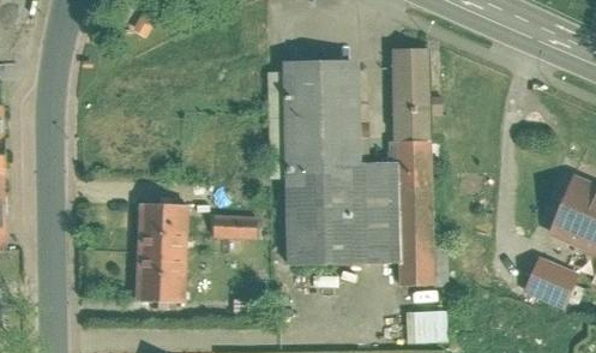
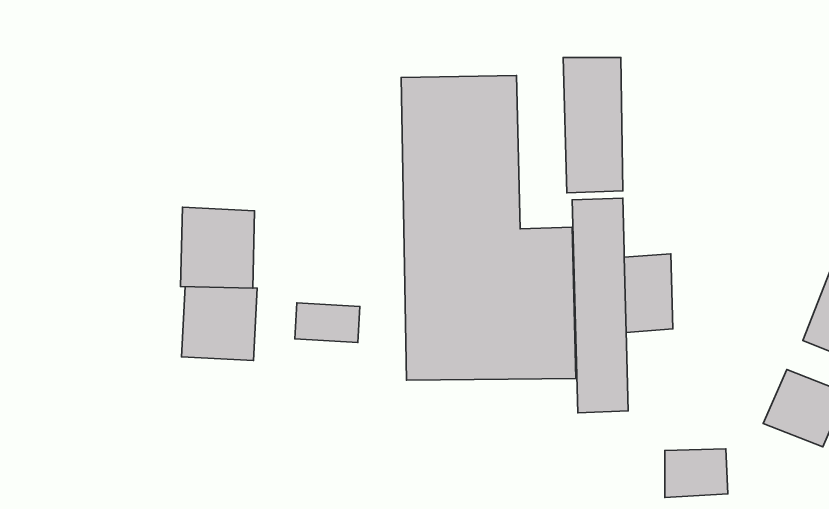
building: none -> [624,254,673,332]
building: [136,249,185,303] -> [181,207,255,288]
building: [405,311,447,343] -> [665,449,728,498]

